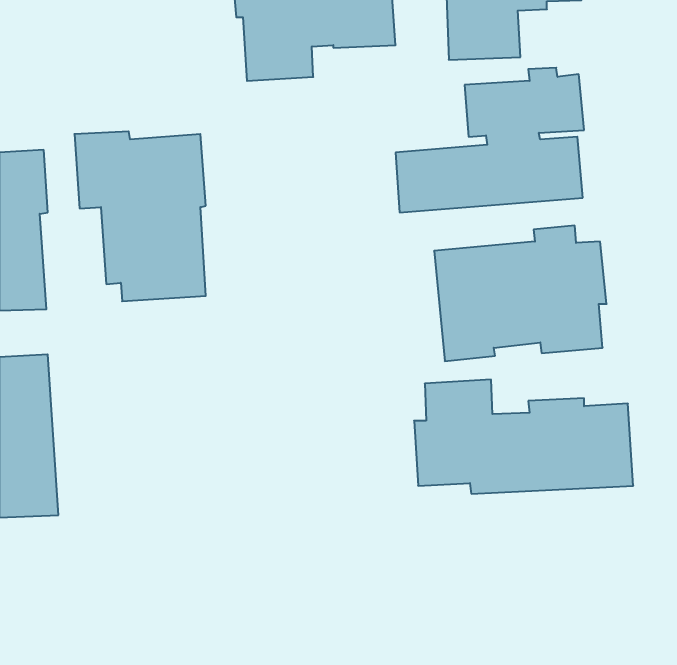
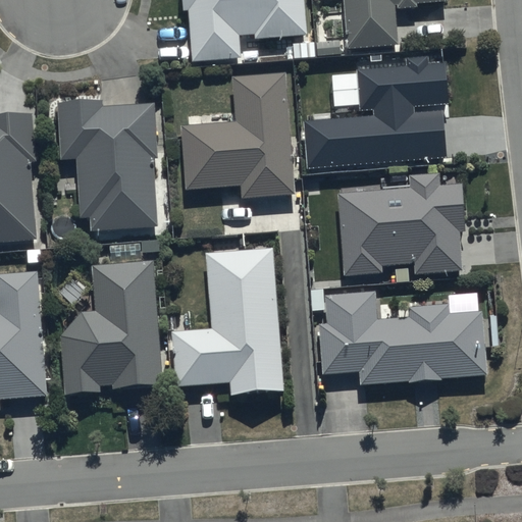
building: none -> [179,71,294,198]
building: none -> [170,249,282,396]
building: none -> [60,262,160,394]

